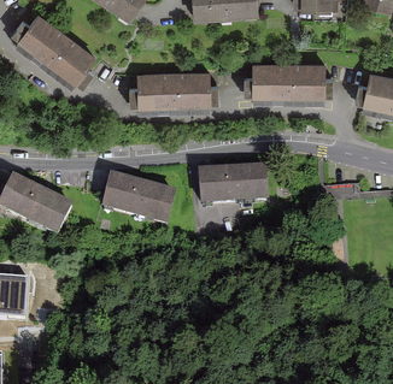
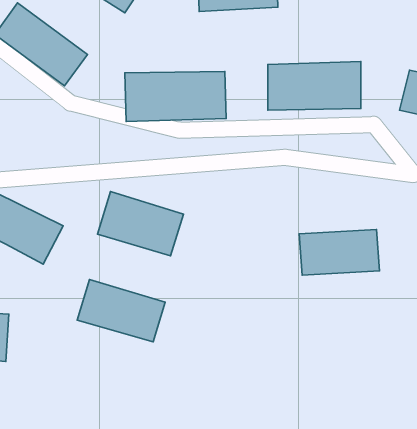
building: [195,169,263,207] -> [299,229,379,275]
building: none -> [77,279,165,342]

